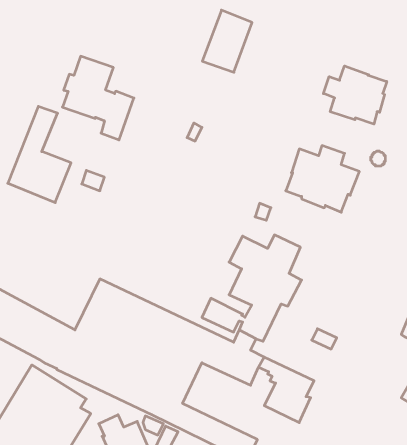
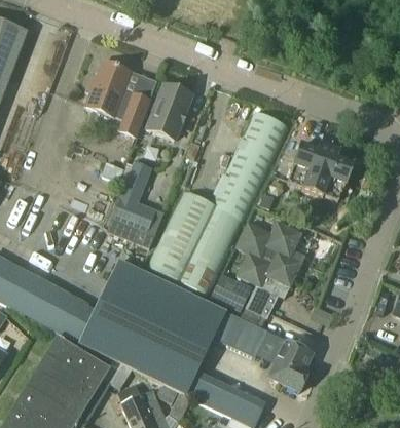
building: [202,10,252,72] -> [146,81,191,138]
building: [323,66,387,124] -> none
building: [8,106,71,203] -> [107,159,165,246]
building: none -> [146,110,289,294]

